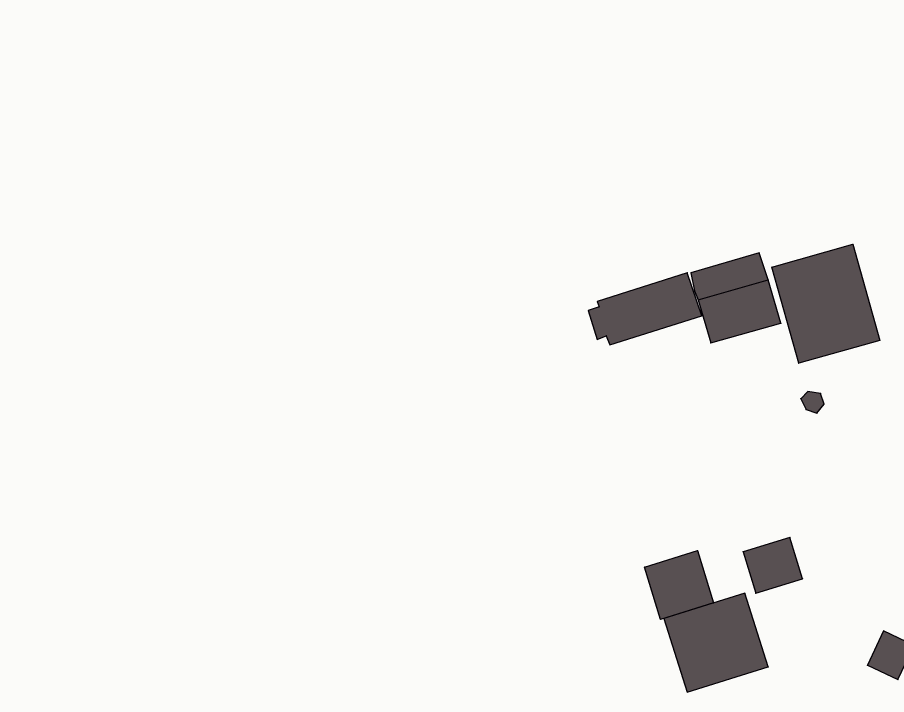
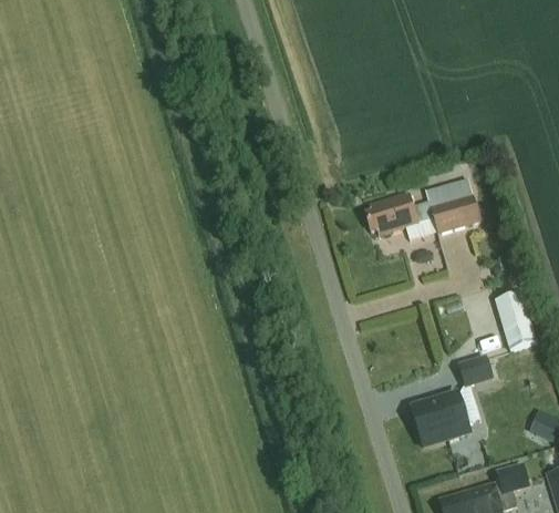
building: [772,244,880,363] -> none
building: none -> [496,291,538,348]
building: [645,551,714,619] -> none

